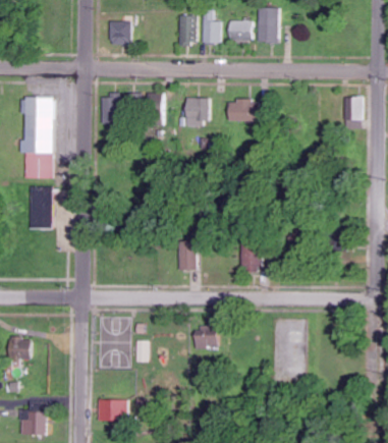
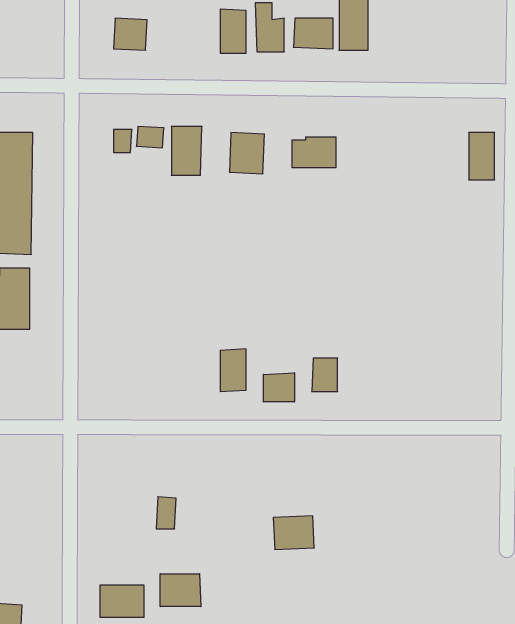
building: none -> [263,373,294,402]
building: [193,326,221,348] -> [273,516,314,549]
building: none -> [160,574,201,607]

